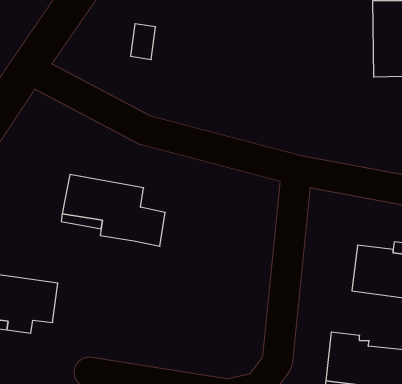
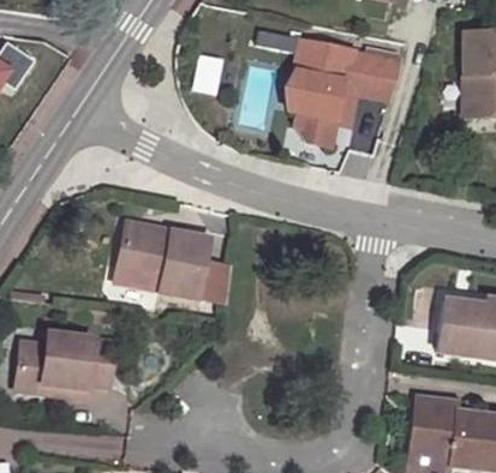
building: none -> [292,40,400,146]

